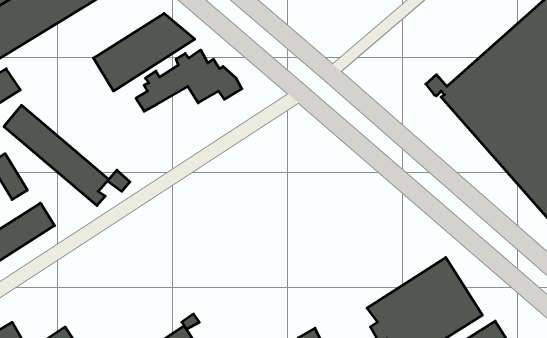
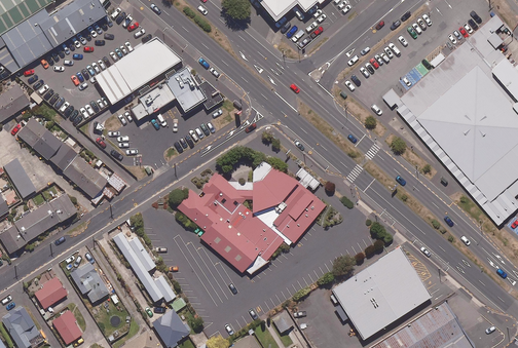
building: none -> [175,161,327,274]
building: none -> [48,191,76,220]
building: none -> [112,231,176,301]
building: none -> [69,260,109,299]
building: none -> [34,275,67,308]

